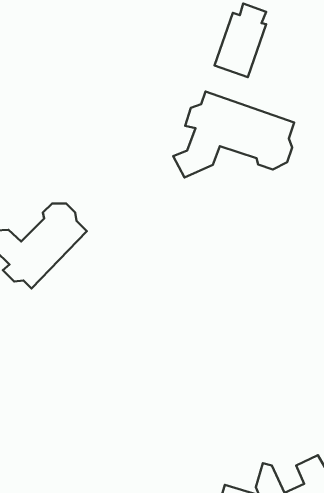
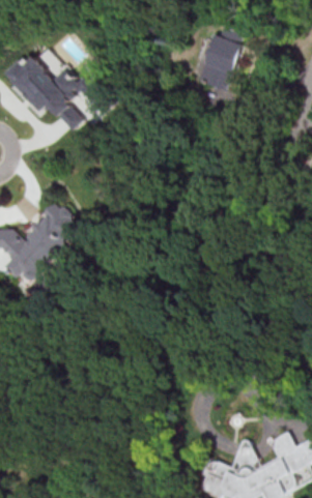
building: none -> [7,49,109,131]
building: [173,91,294,178] -> none

